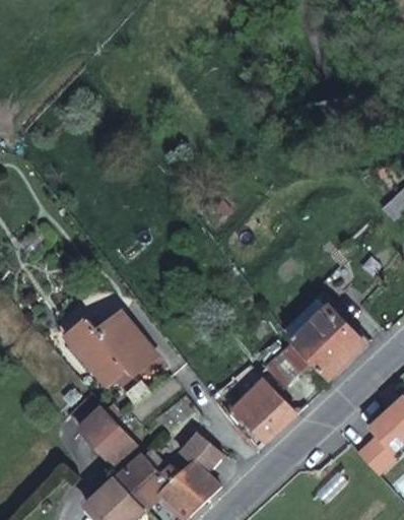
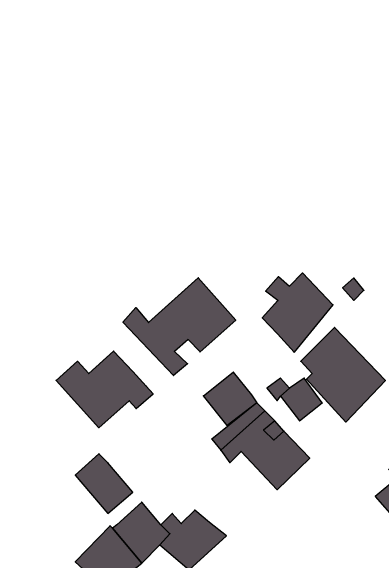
building: none -> [262,273,333,352]
building: none -> [123,278,236,376]
building: none -> [203,372,257,426]
building: [182,433,222,472] -> none

